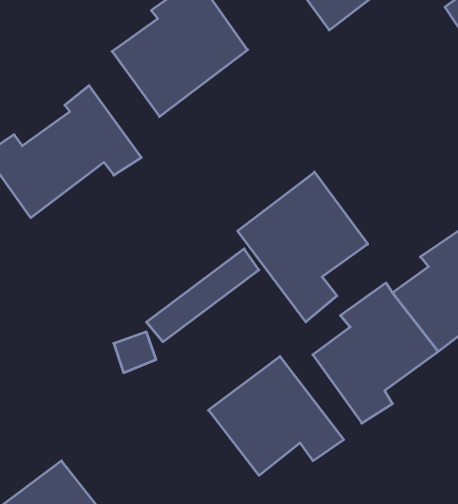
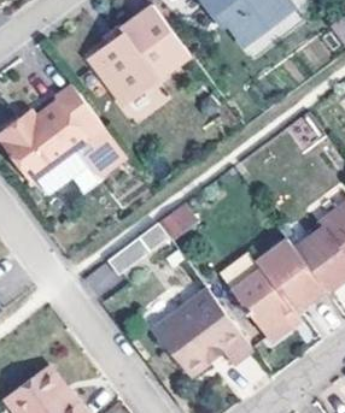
building: [238,172,368,322] -> none

